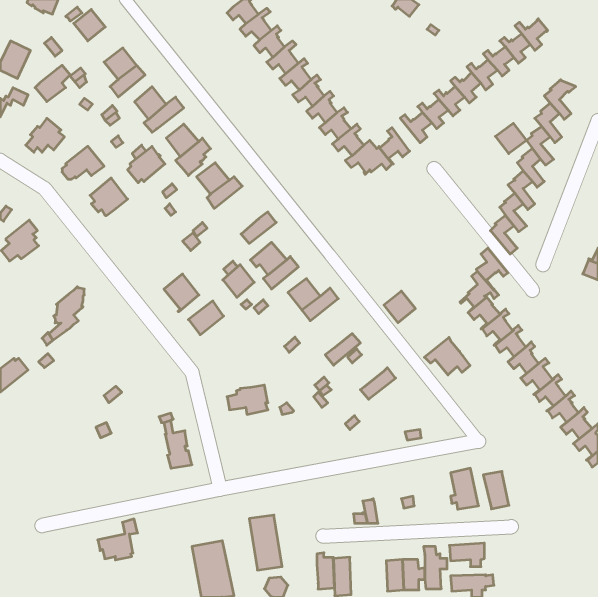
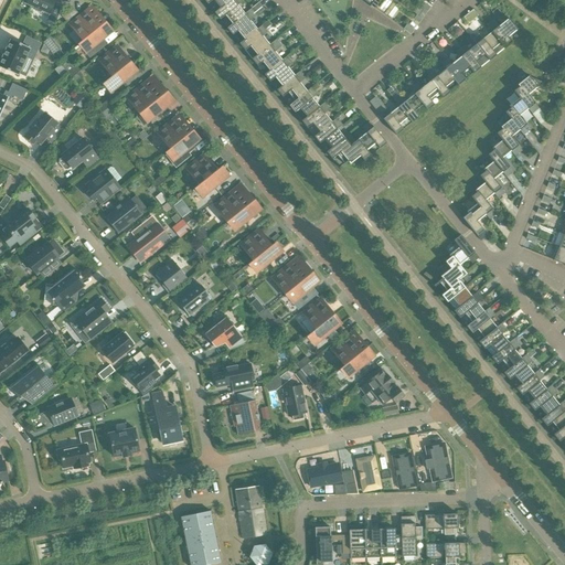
building: [35,65,70,102] -> [78,22,111,56]
building: [495,123,527,154] -> none
building: [128,146,165,183] -> [106,196,141,231]
building: none -> [127,223,169,262]
building: none -> [25,238,61,277]
building: [223,265,254,297] -> [214,190,244,221]
building: [384,291,415,323] -> [302,298,332,328]
building: none -> [75,298,108,342]
building: none -> [204,316,247,350]
building: [424,337,470,375] -> [360,369,403,404]
building: none -> [102,331,134,362]
building: none -> [331,333,362,364]
building: none -> [130,358,159,393]
building: none -> [11,366,58,403]
building: none -> [282,385,306,419]
building: none -> [228,390,262,435]
building: none -> [46,398,77,424]
building: none -> [108,423,139,456]
building: [483,471,509,509] -> [392,452,416,488]
building: none -> [356,456,380,490]
building: none -> [307,462,341,487]
building: [98,519,138,560] -> [56,429,94,468]
building: [317,553,334,589] -> [349,524,365,558]

